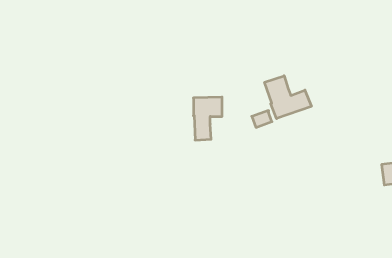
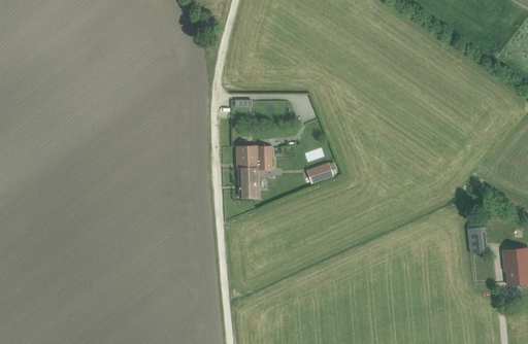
building: [265,76,311,119] -> none

